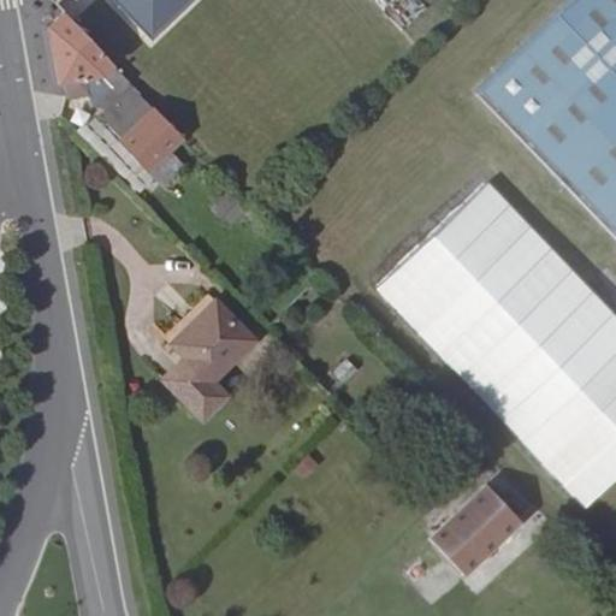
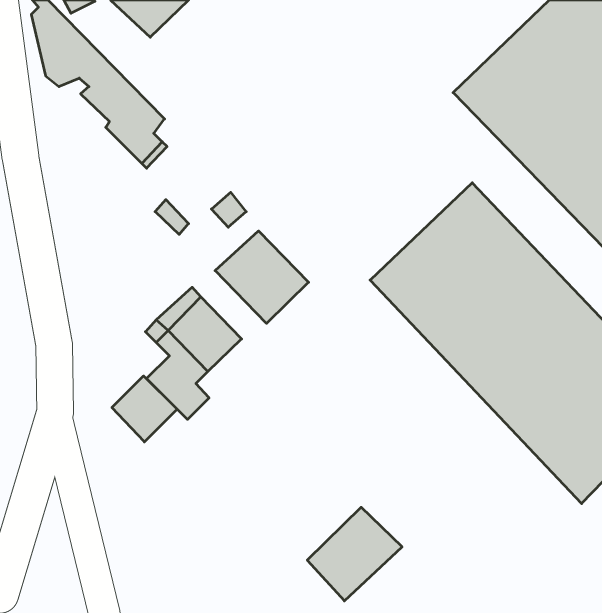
building: none -> [215,231,309,323]
building: none -> [112,376,177,442]
building: [439,485,534,579] -> [307,507,402,601]

